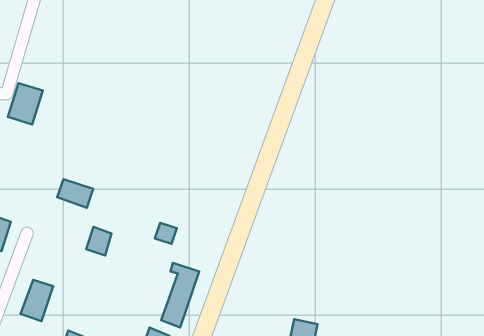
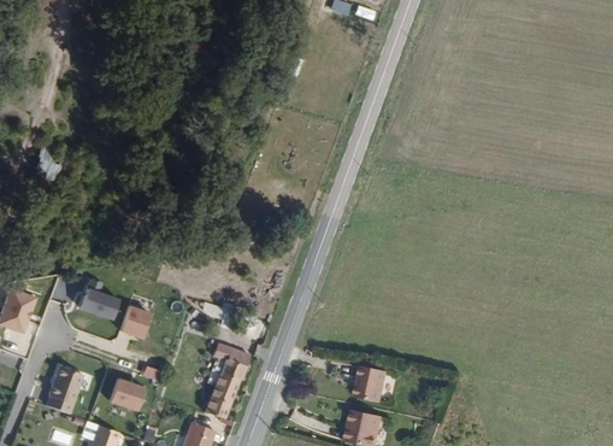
building: [57,179,93,208] -> [77,289,118,322]
building: none -> [360,364,390,400]
building: none -> [108,376,143,409]

